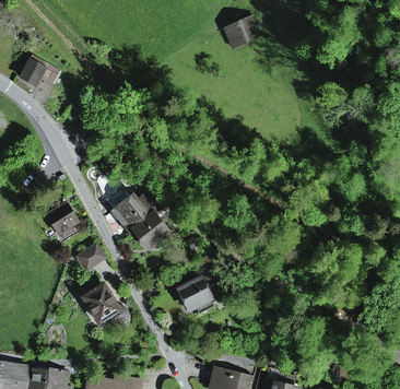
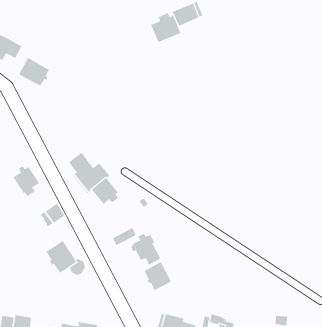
building: none -> [150,12,181,43]
building: none -> [19,57,50,86]
building: none -> [144,262,172,291]

